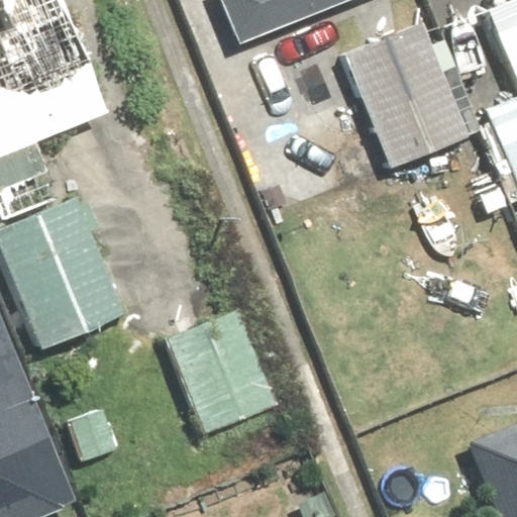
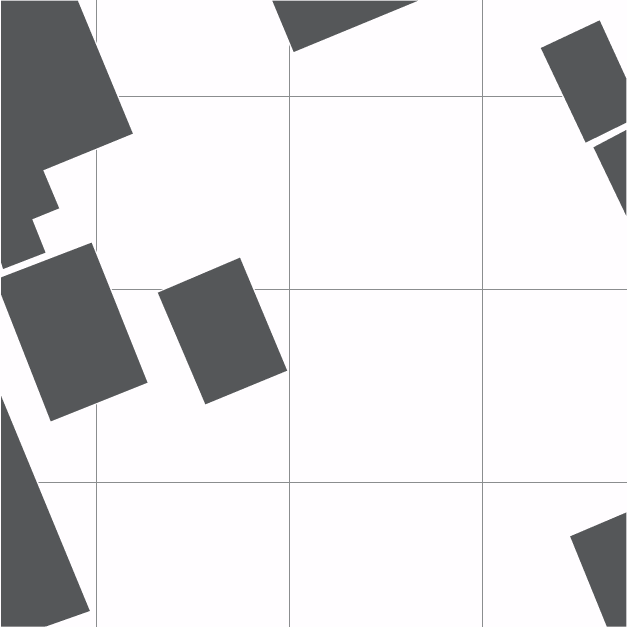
building: [341,20,469,170] -> none
building: [167,313,275,435] -> [157,257,288,405]

